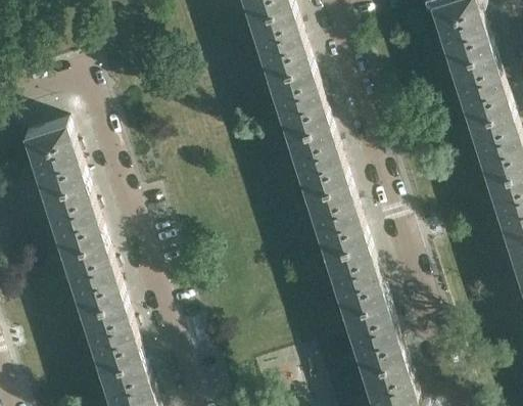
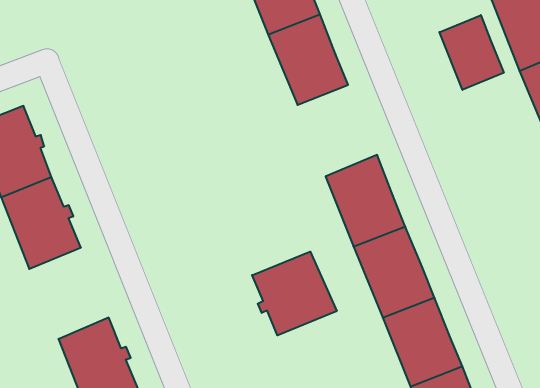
building: none -> [439,15,504,90]
building: [286,127,347,199] -> none
building: [60,242,122,315] -> none
building: none -> [252,252,337,335]

